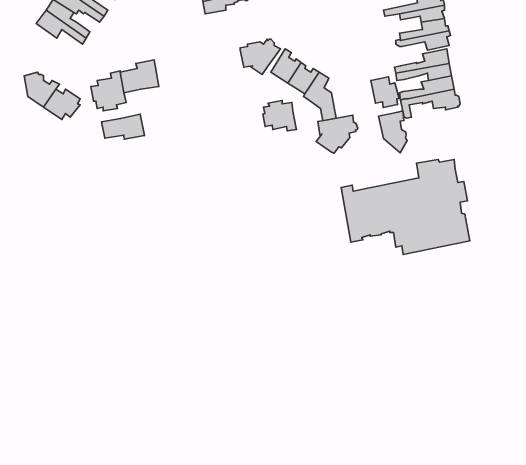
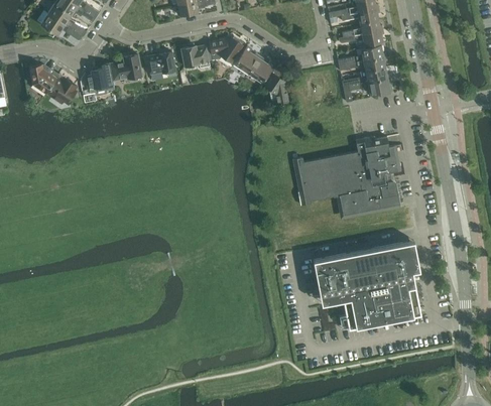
building: none -> [181,46,210,69]
building: none -> [147,52,177,79]
building: [371,77,399,107] -> none
building: [263,100,297,131] -> none
building: [378,111,407,153] -> none
building: [102,114,144,139] -> none
building: [316,115,358,153] -> none
building: none -> [314,243,421,329]

